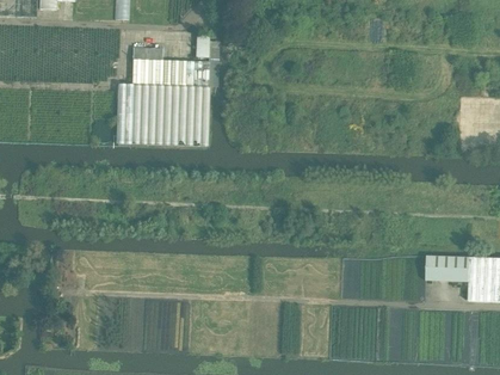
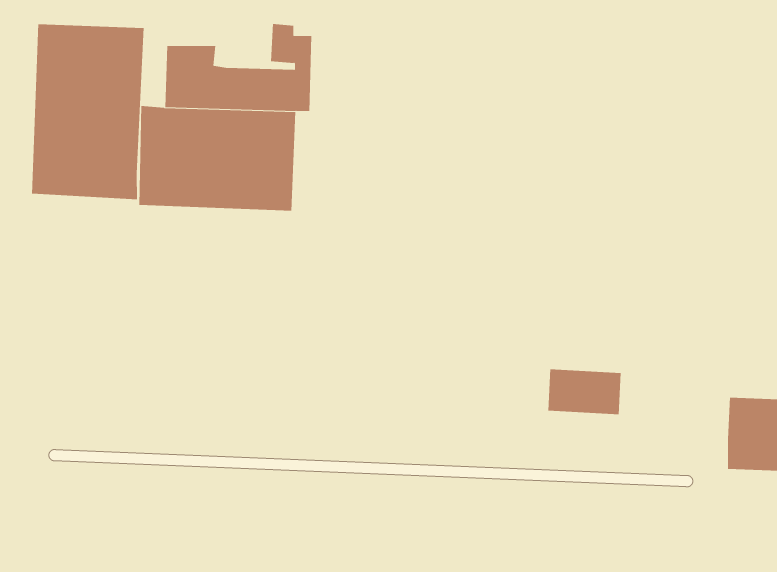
building: none -> [31,24,144,200]
building: [425,254,469,282] -> [548,369,621,415]

